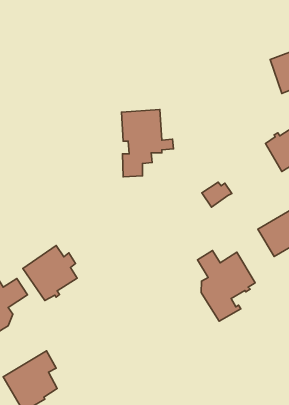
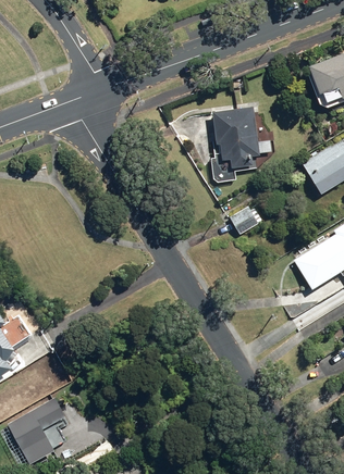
building: [121,109,173,177] -> [211,108,270,184]
building: [23,246,77,301] -> none
building: [197,250,255,321] -> none

